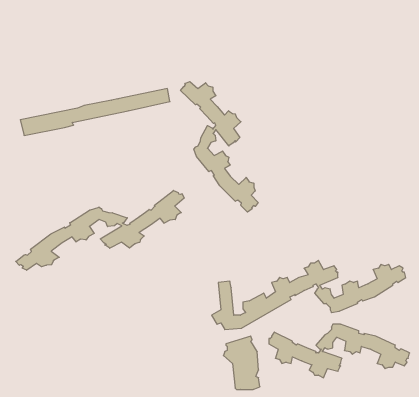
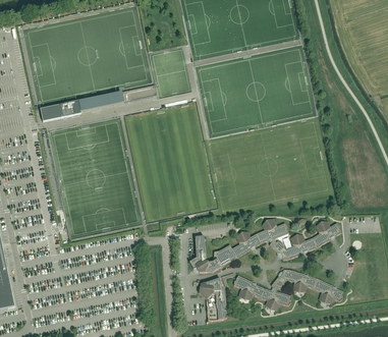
building: [181,82,258,212] -> none
building: [16,190,184,270] -> none

